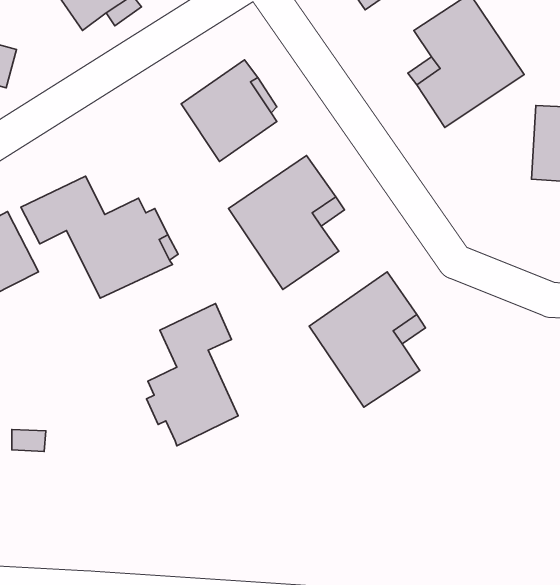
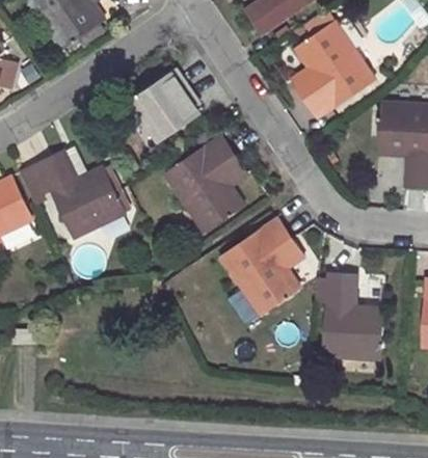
building: [146,303,238,446] -> none
building: none -> [323,274,382,360]

